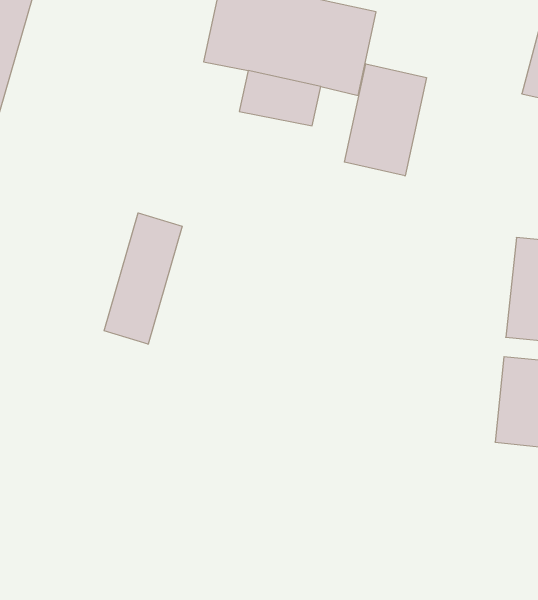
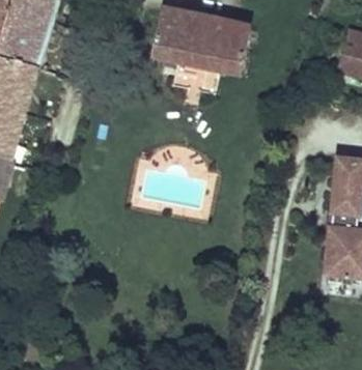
building: [344,64,426,176] -> none
building: [104,213,182,344] -> none

